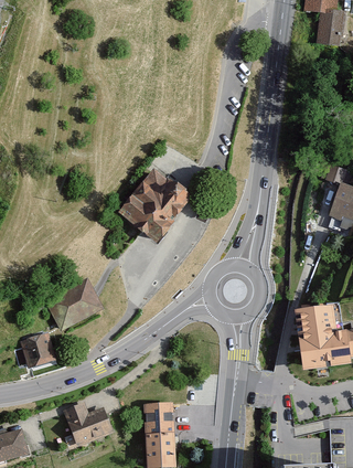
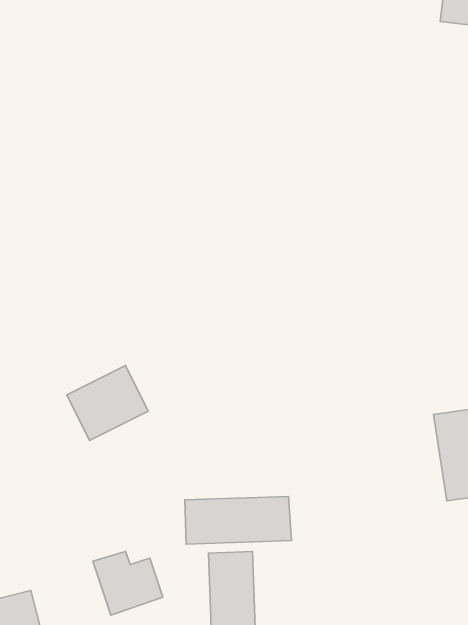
building: [117,169,186,240] -> none
building: [23,331,56,366] -> none
building: none -> [185,496,292,544]

